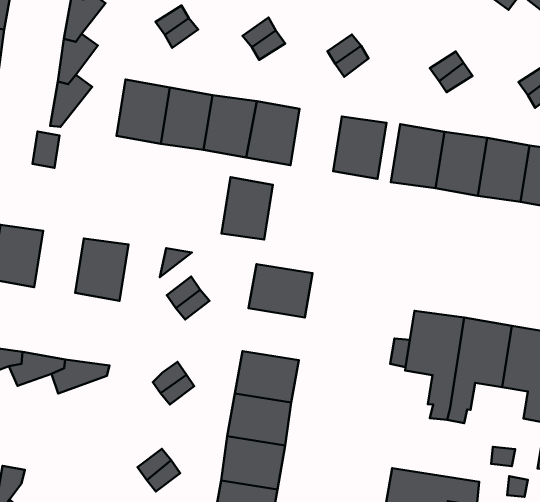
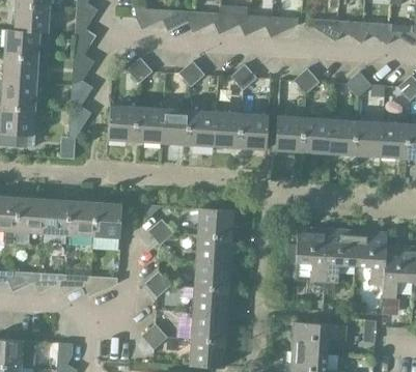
building: [221,177,273,240] -> [215,113,243,148]
building: none -> [68,201,95,236]
building: none -> [197,235,232,263]

